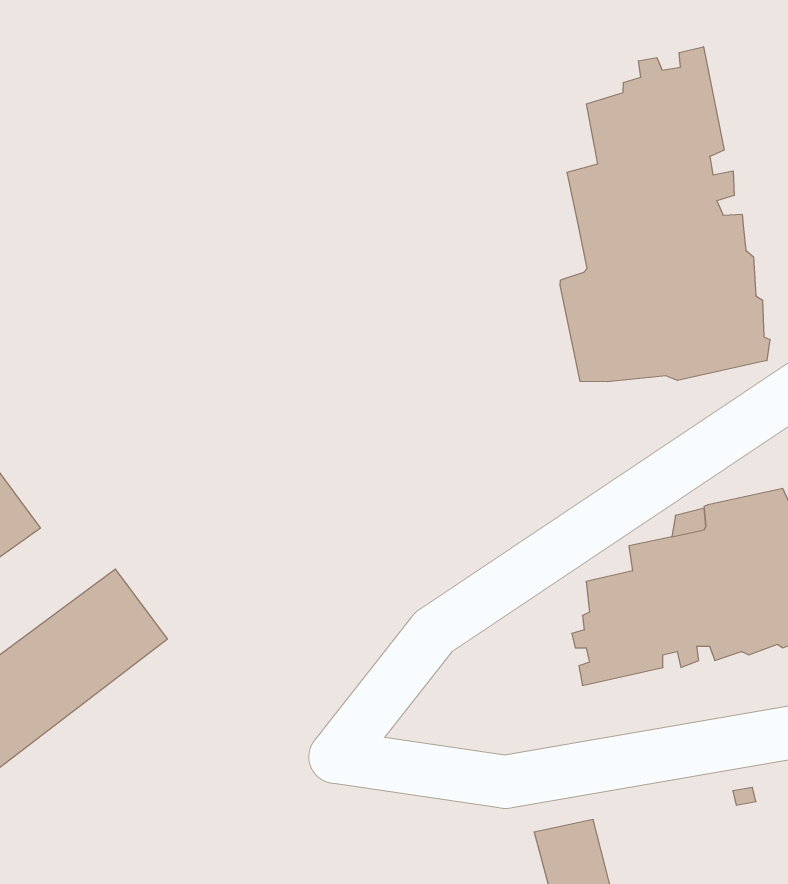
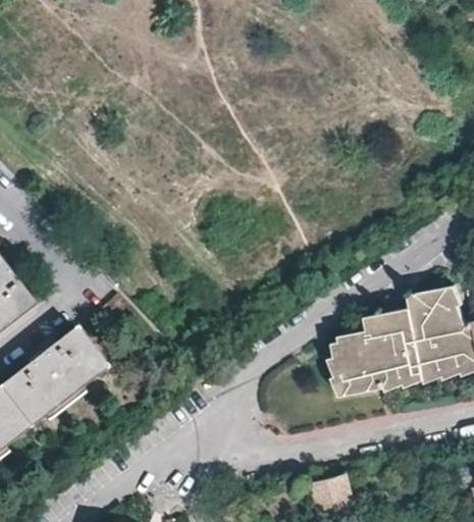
building: [560,47,770,382] -> none

